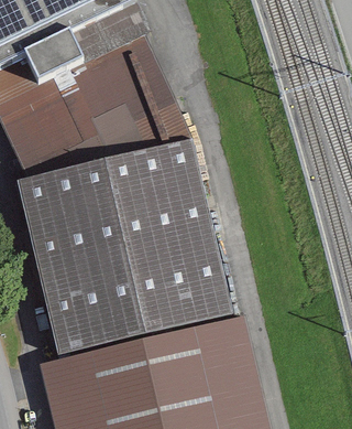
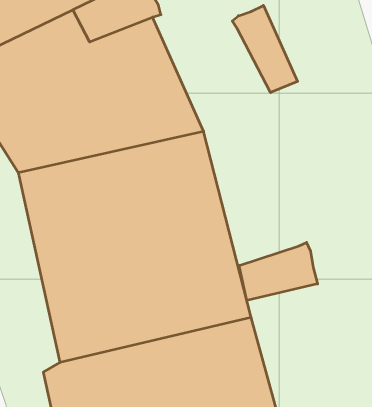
building: none -> [232,5,298,93]
building: none -> [239,242,318,301]

